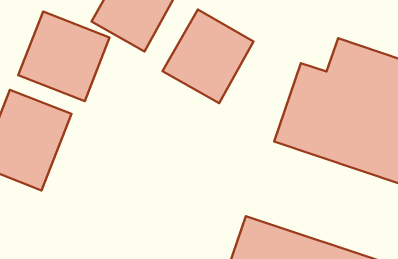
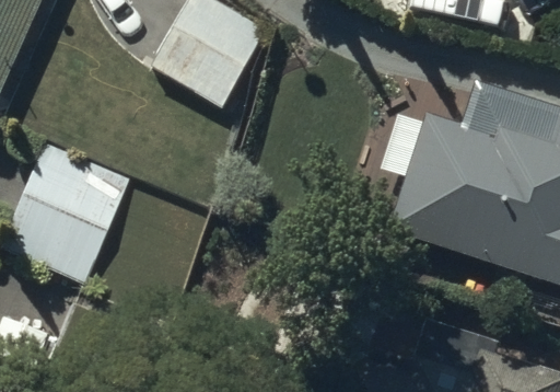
building: [162,10,253,103] -> none
building: [18,12,110,101] -> none

